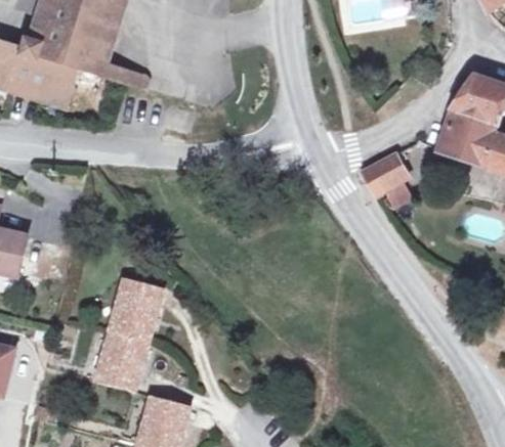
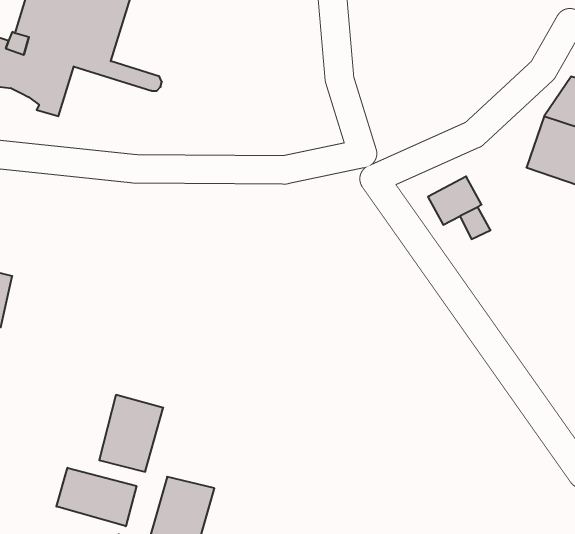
building: [110,278,162,341] -> none
building: none -> [56,468,136,526]

